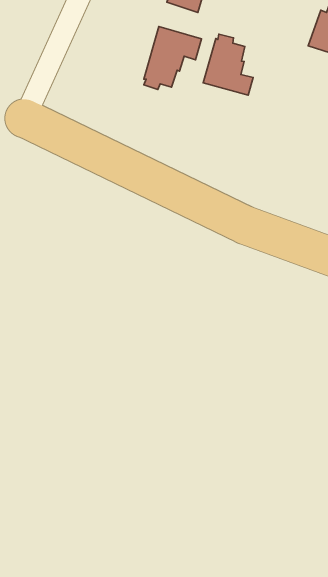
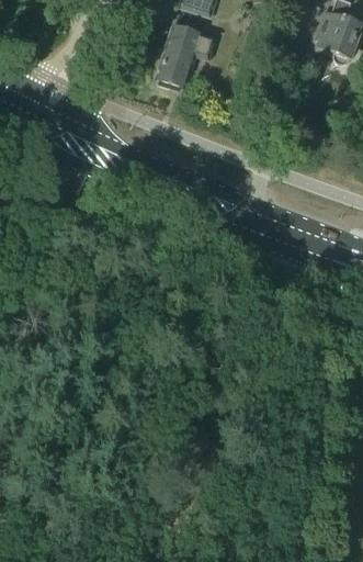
building: [203,34,253,95] -> none

